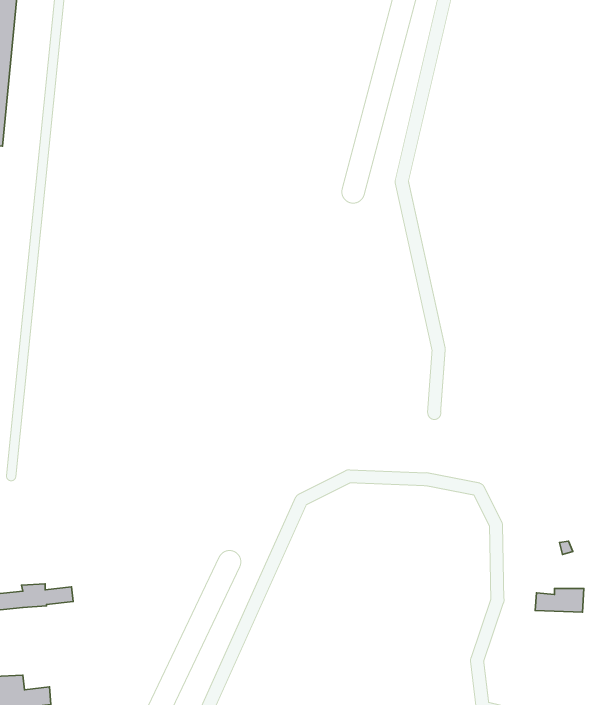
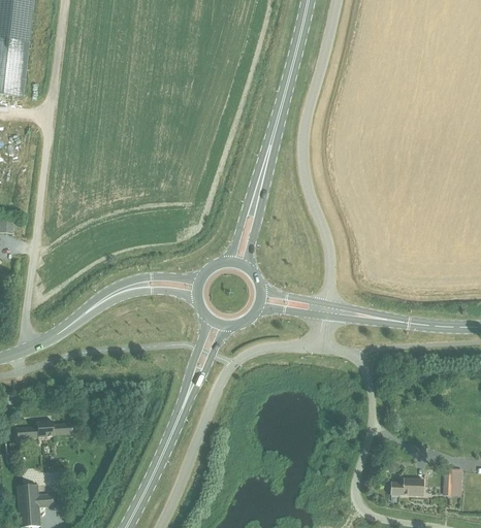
building: [535,588,584,612] -> [386,477,420,494]

